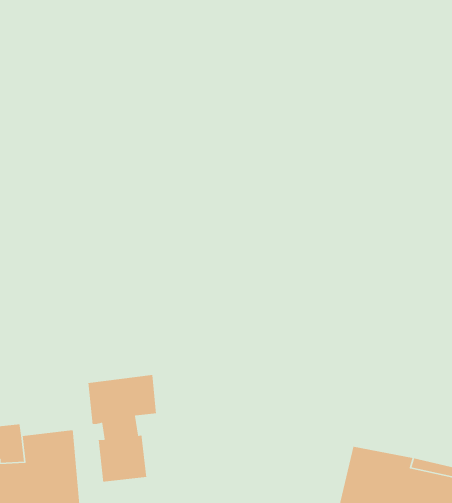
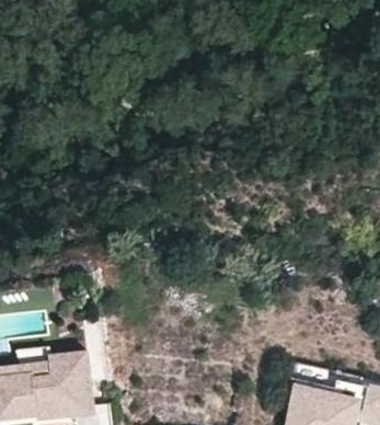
building: [87,374,157,483] -> none

